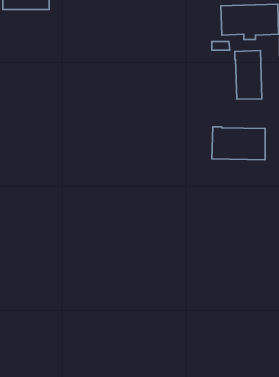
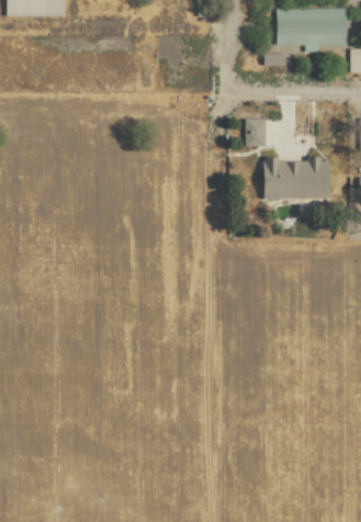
building: [235,50,262,99] -> none
building: none -> [244,118,264,146]

